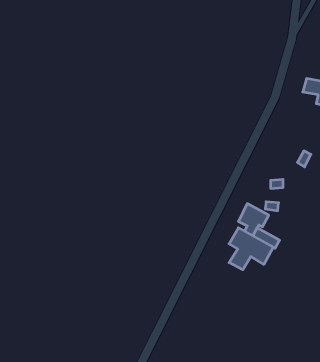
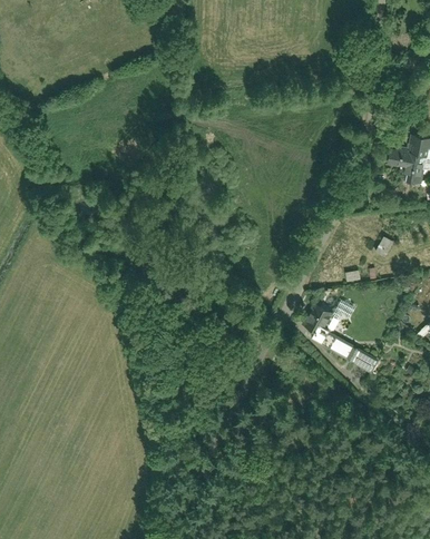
building: [229,228,273,270] -> none

